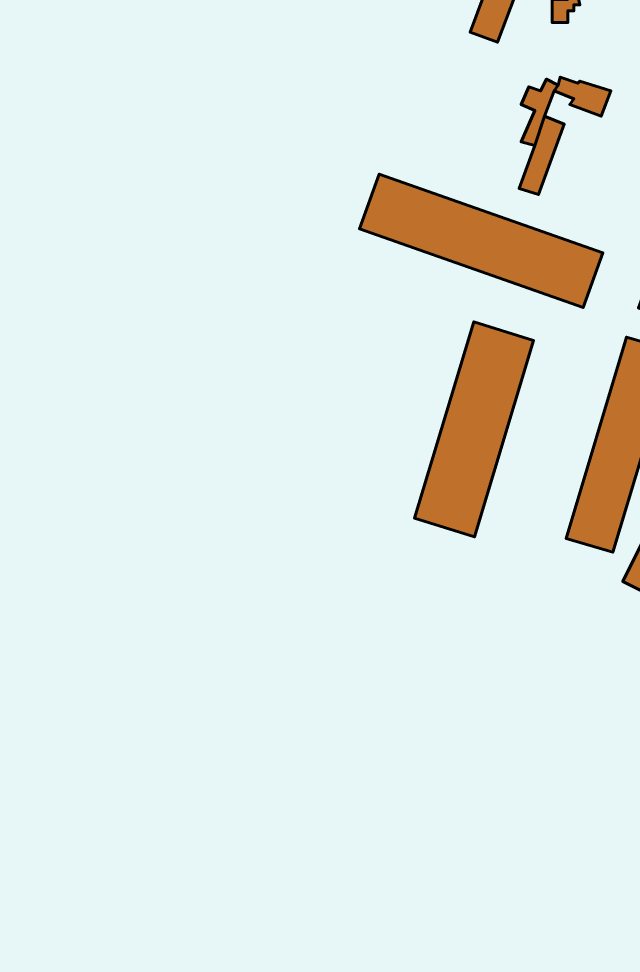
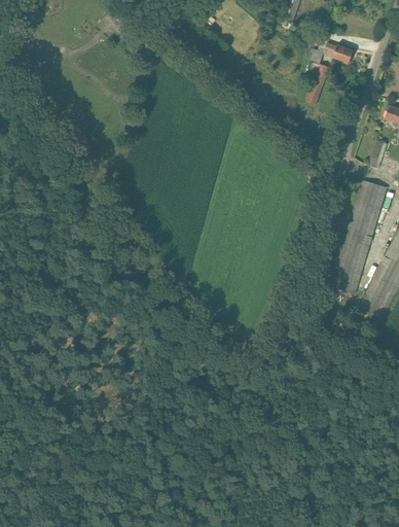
building: [359,174,603,307] -> none
building: [415,322,534,537] -> none

